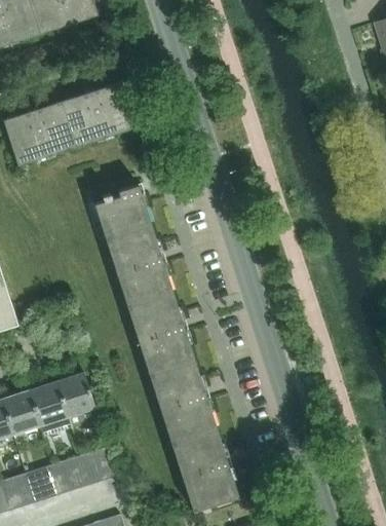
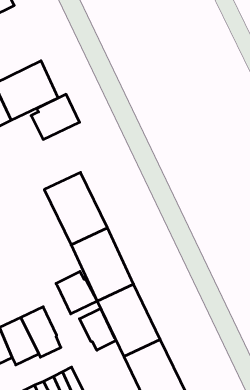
building: [93,184,149,233] -> [31,94,80,139]
building: none -> [56,271,97,314]
building: none -> [79,308,116,350]

